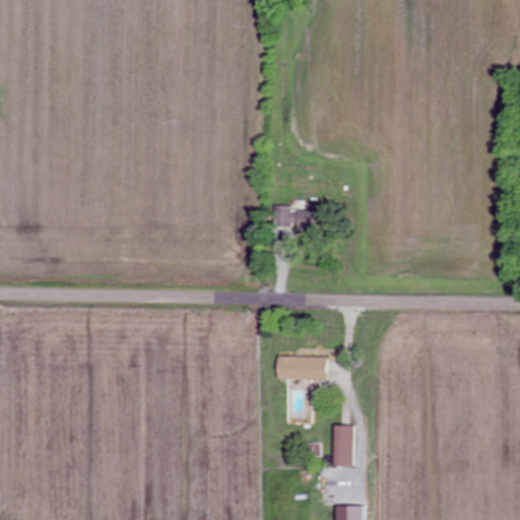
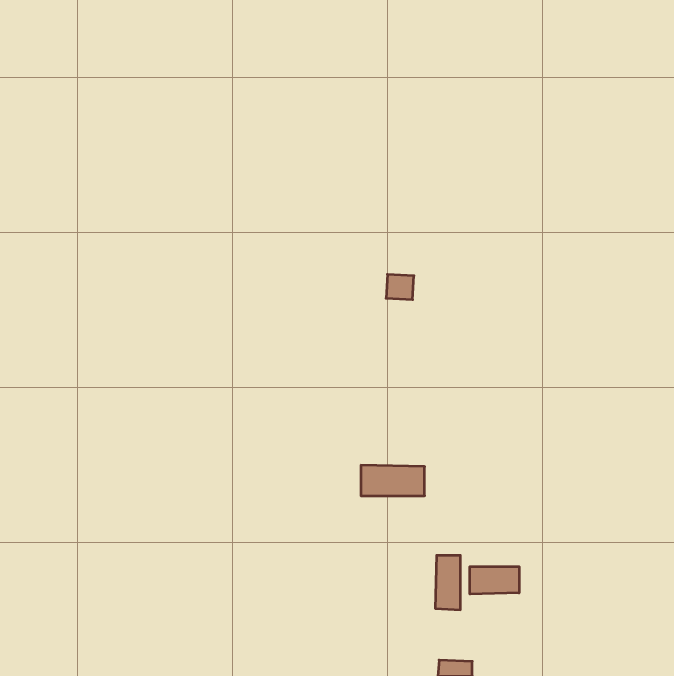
building: [272,205,291,228] -> none
building: none -> [470,567,519,594]

